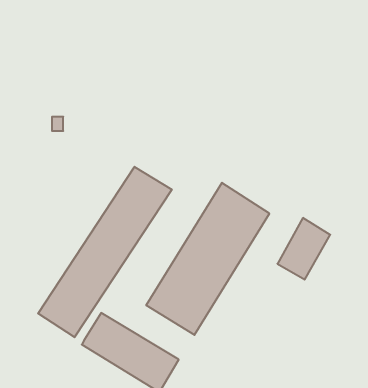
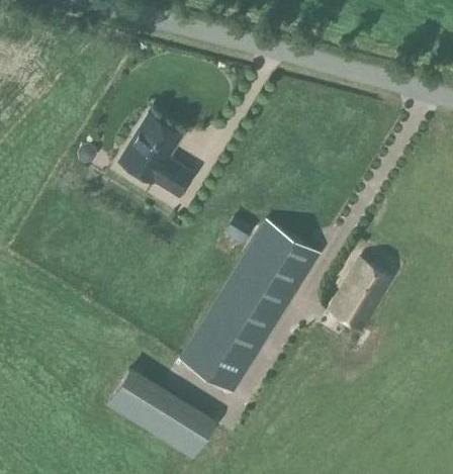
building: none -> [118,115,190,195]
building: [38,167,172,337] -> none

